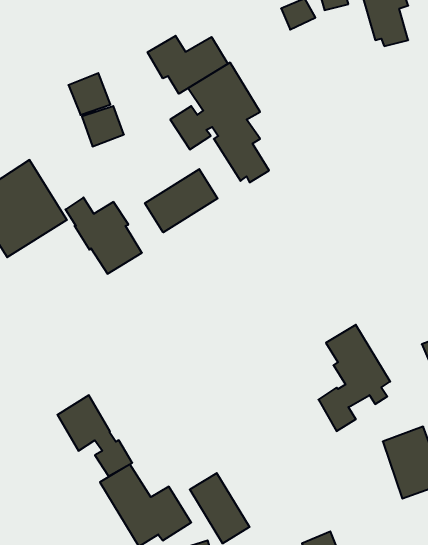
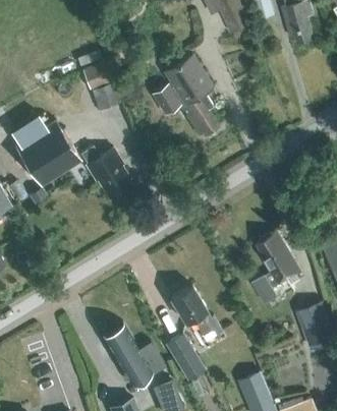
building: [148,36,228,94] -> none
building: [145,169,218,232] -> none
building: [57,395,132,476] -> [170,285,221,340]

